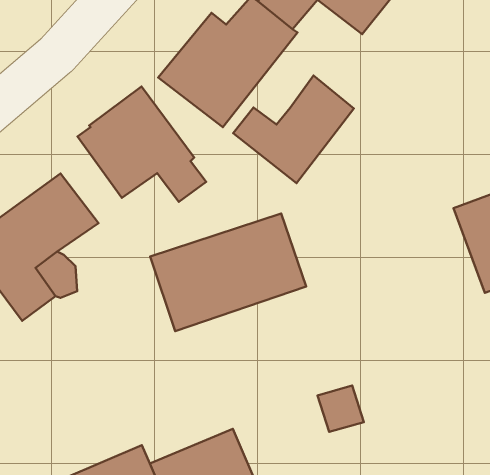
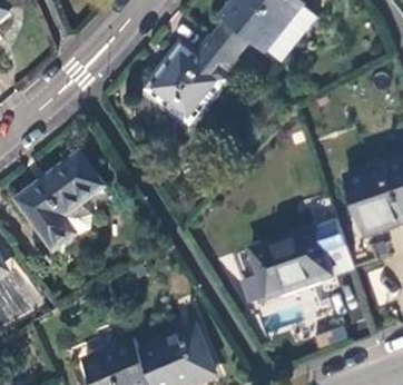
building: [233,76,354,183] -> none
building: [77,86,206,202] -> none
building: [150,214,306,331] -> [248,219,353,298]

